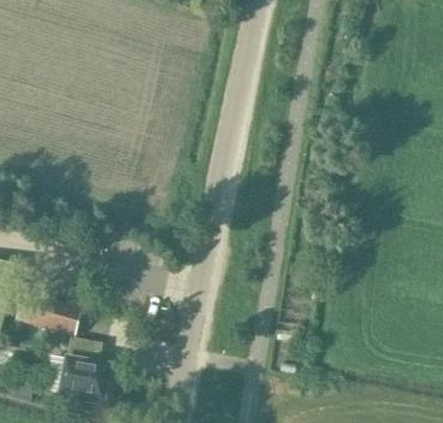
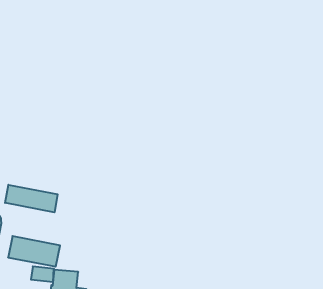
building: none -> [5,185,58,212]

